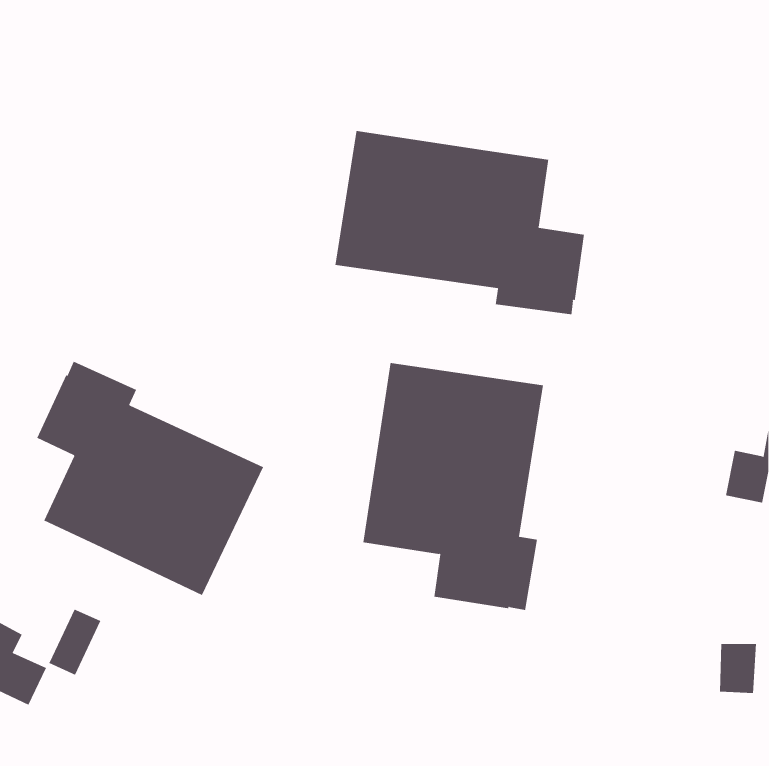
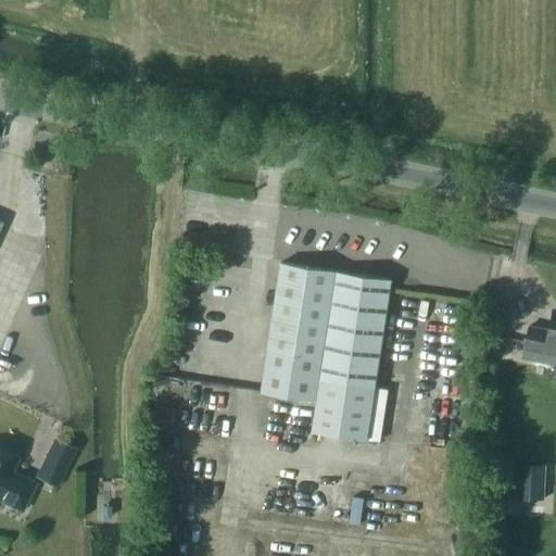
building: [335,130,584,315] -> none
building: [37,361,264,596] -> none

